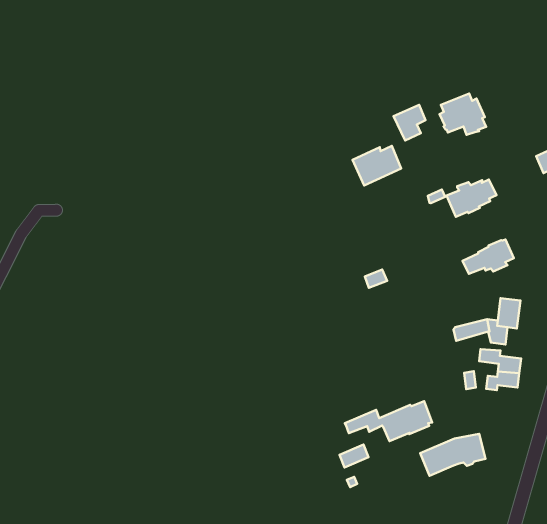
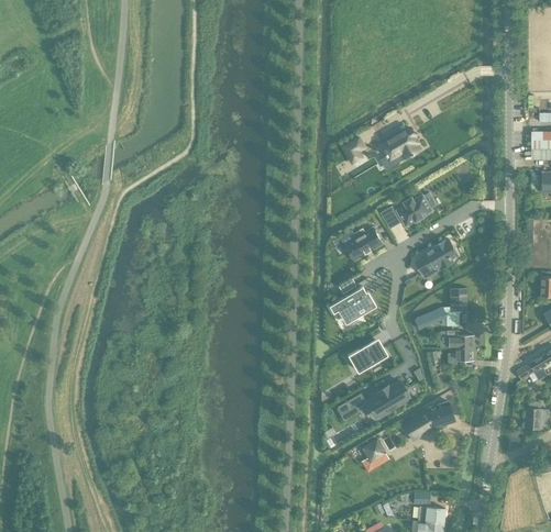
building: [353,146,401,185] -> [342,225,383,261]
building: none -> [329,286,375,323]
building: none -> [350,337,387,372]
building: none -> [361,440,388,472]

